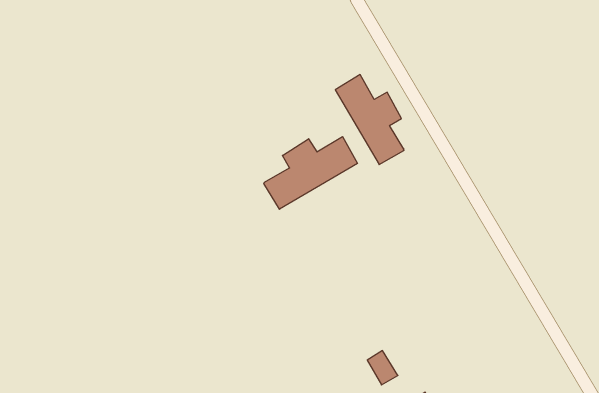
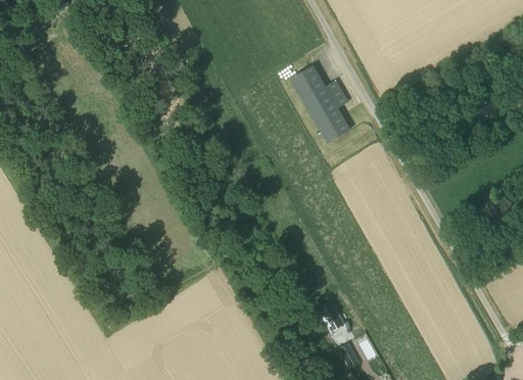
building: [264,137,357,209] -> none

